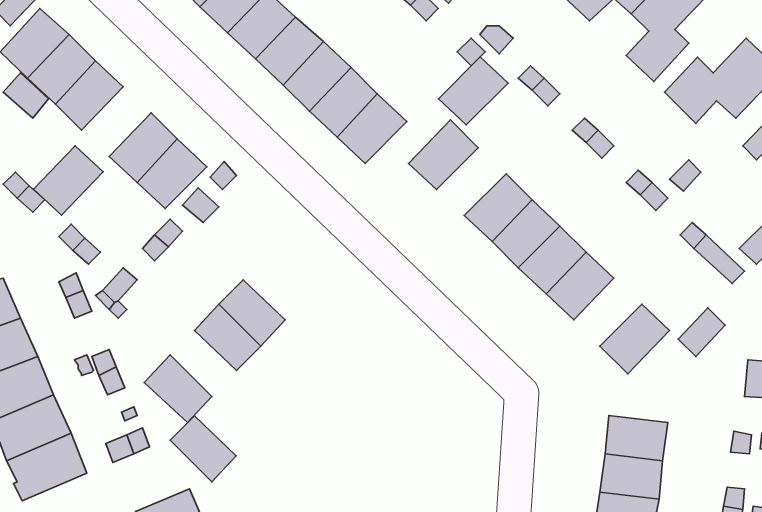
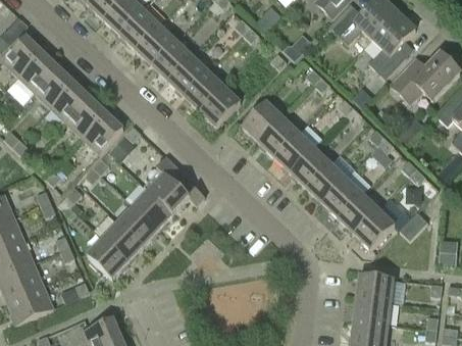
building: [438,57,508,125] -> [258,116,299,156]
building: [34,146,103,215] -> [50,81,91,121]
building: none -> [145,156,193,217]
building: none -> [339,193,378,233]
building: [170,416,236,482] -> [102,224,141,262]

